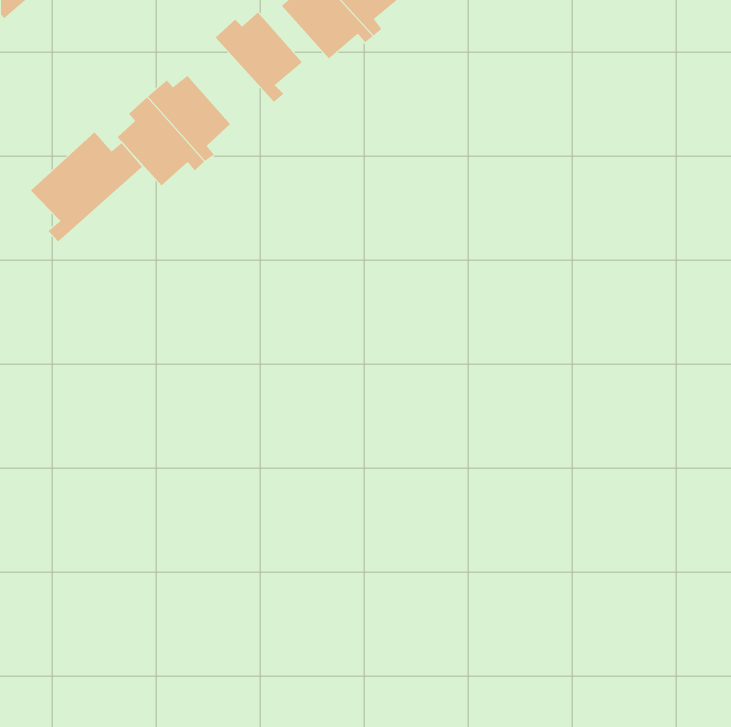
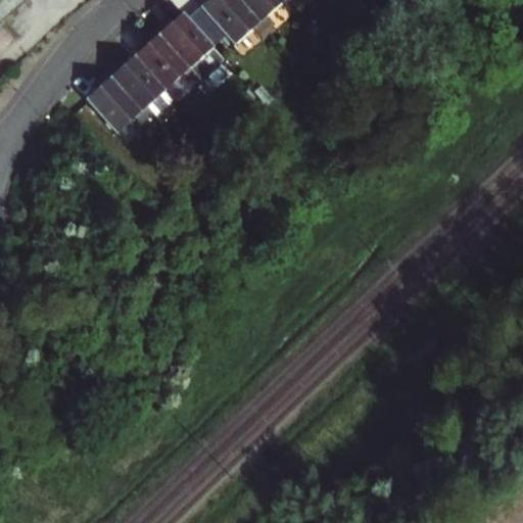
building: none -> [137,27,198,88]
building: [30,132,143,242] -> none

